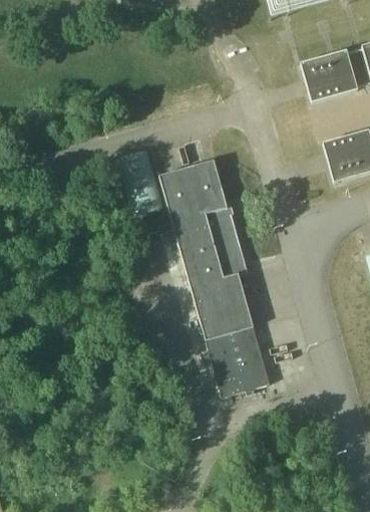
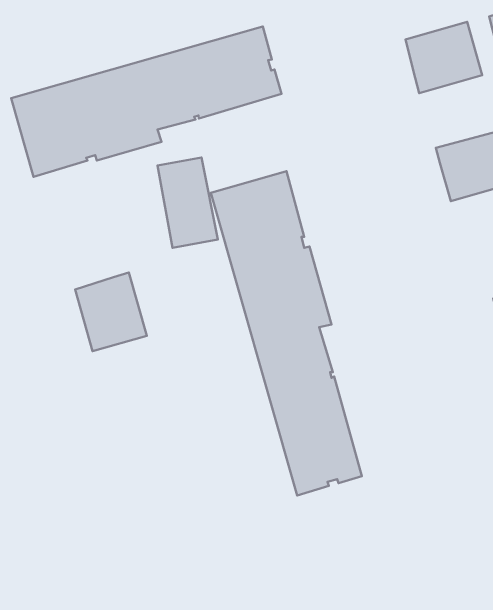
building: none -> [11,26,281,177]
building: none -> [75,273,147,351]

